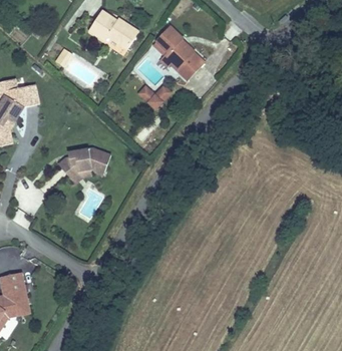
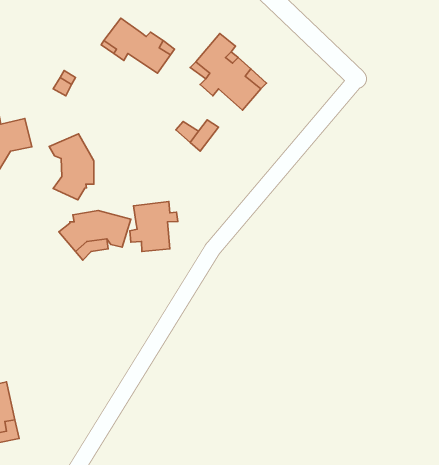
building: none -> [49,134,94,200]
building: none -> [130,201,178,252]

